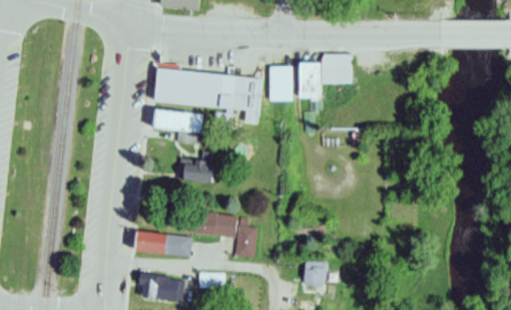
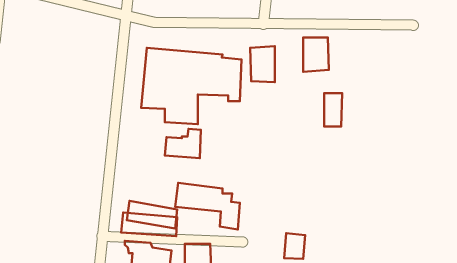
building: [302,63,321,98] -> [324,93,342,126]

